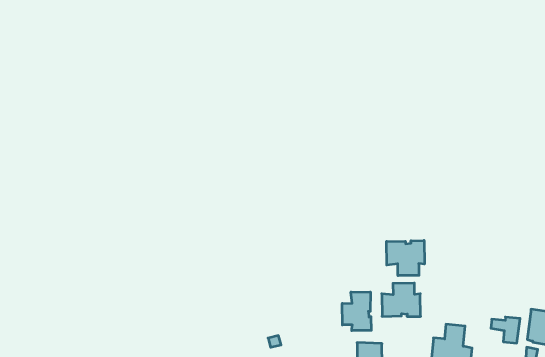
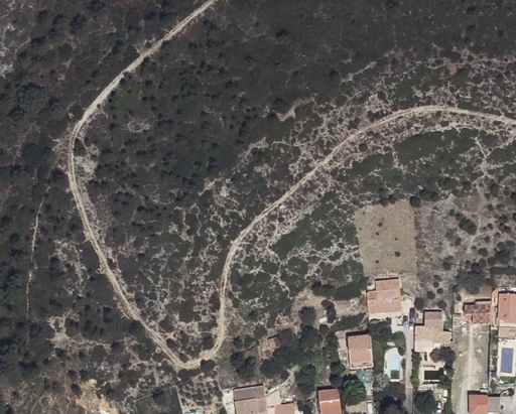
building: [387,240,424,276] -> none
building: [342,292,371,331] -> none

